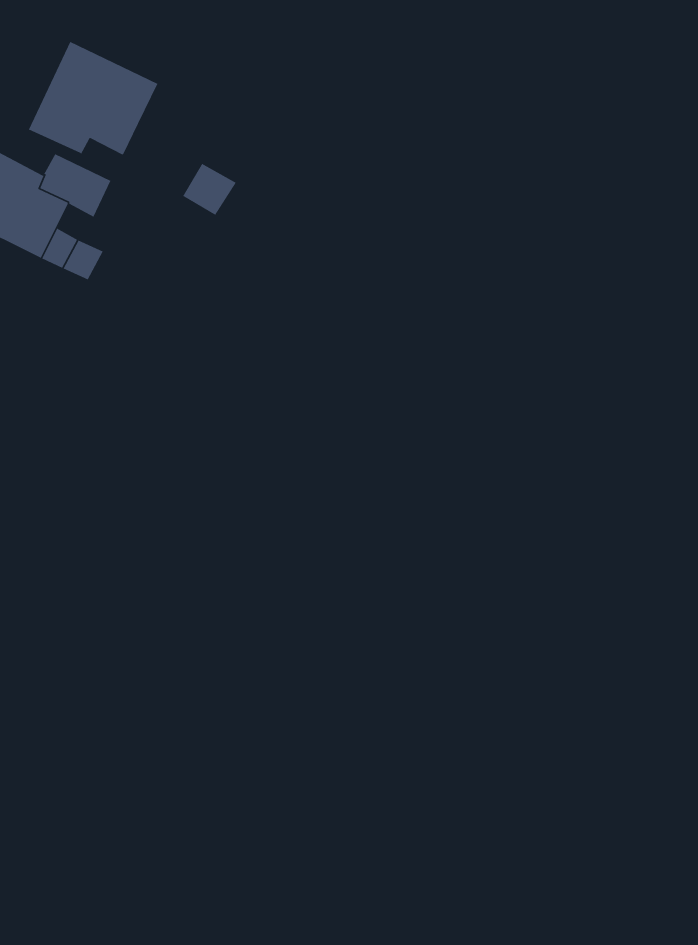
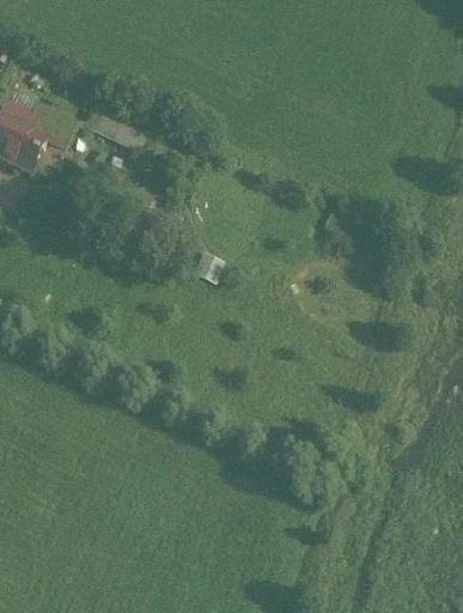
building: [28,41,158,156] -> none

